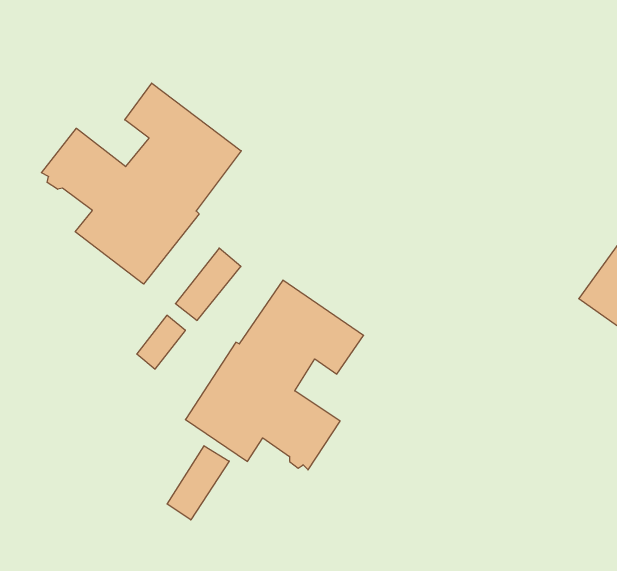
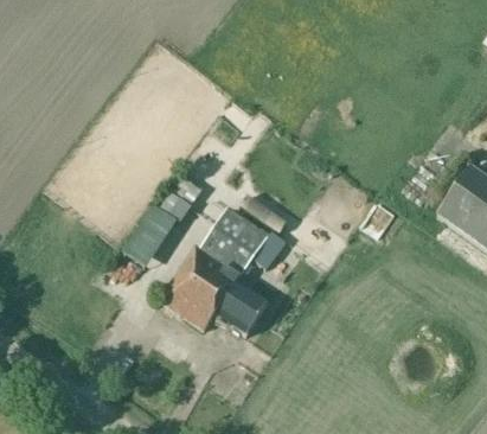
building: [41,83,241,284] -> none
building: [167,446,229,520] -> none

